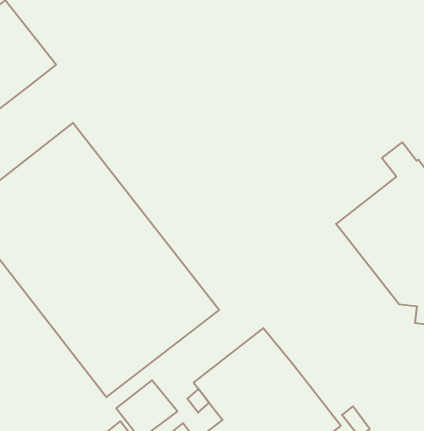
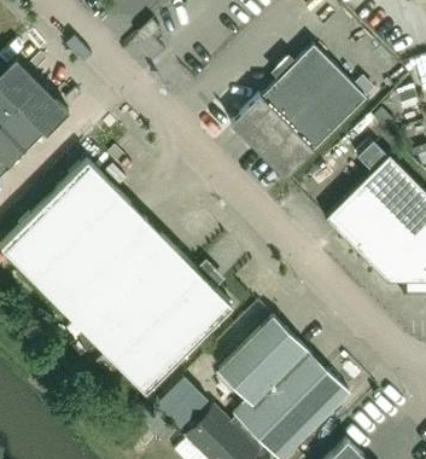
building: none -> [230,46,366,180]

